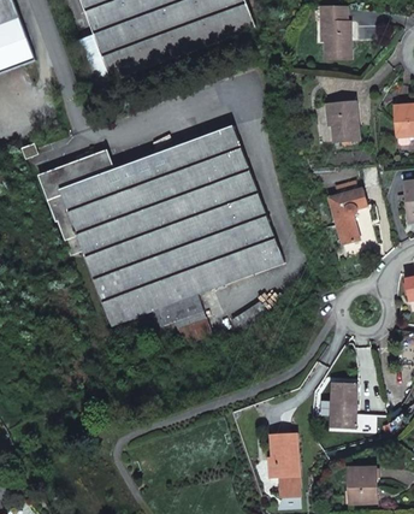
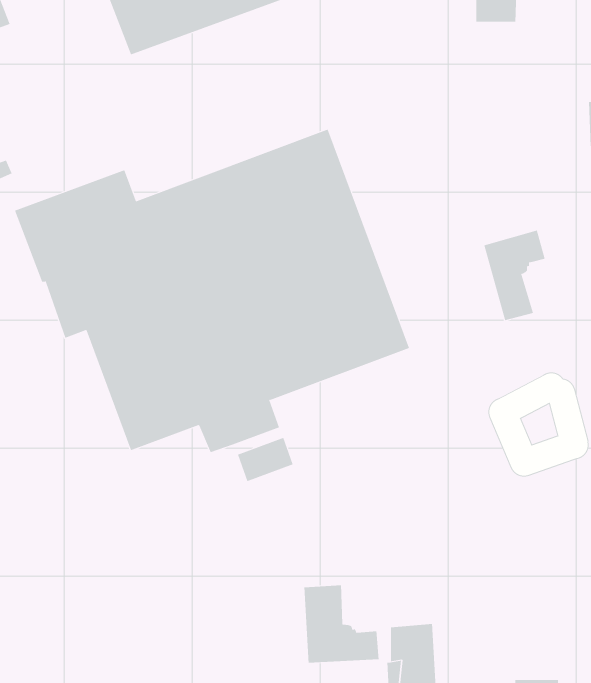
building: [330,101,359,142] -> none
building: [330,383,374,433] -> none
building: none -> [304,584,379,663]

